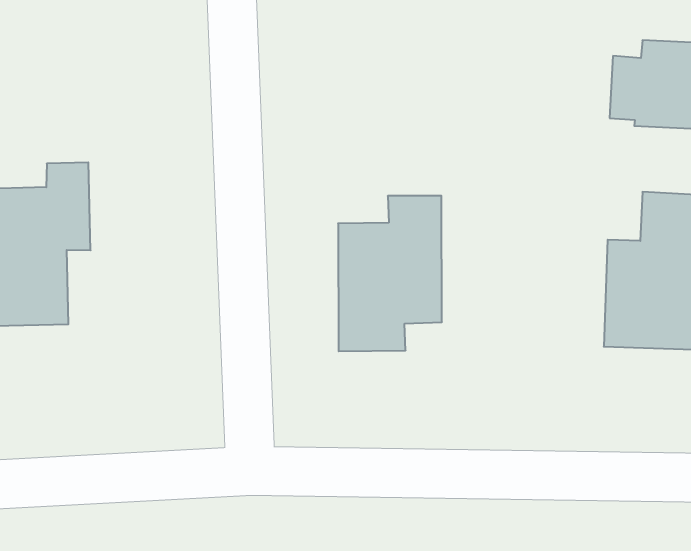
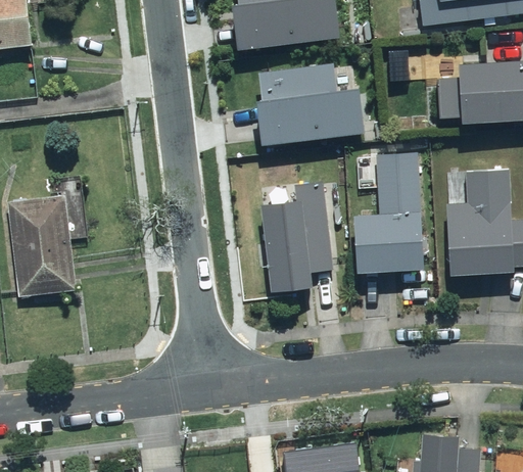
building: none -> [253,69,365,148]
building: none -> [351,153,423,273]

